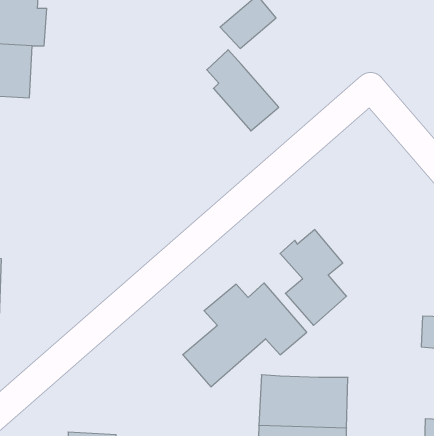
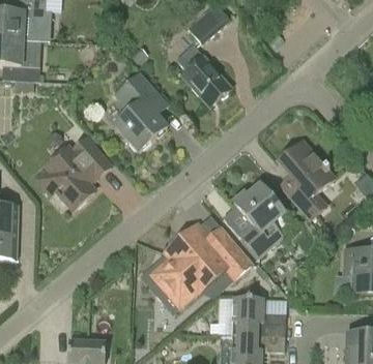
building: none -> [113,70,169,153]
building: none -> [37,134,113,209]
building: none -> [278,141,335,220]

